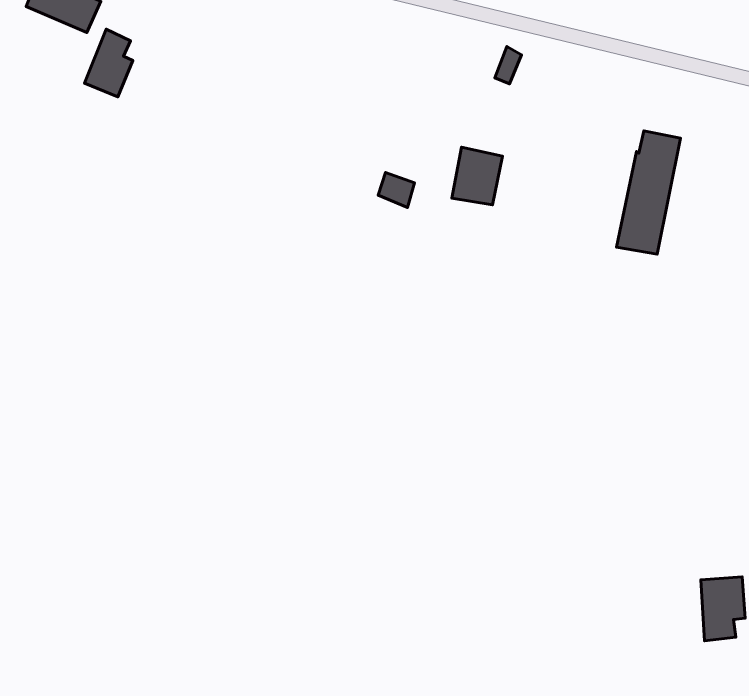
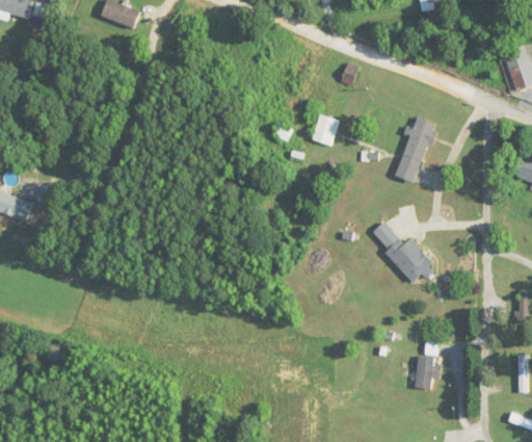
building: [85,29,133,97] -> none
building: none -> [371,220,432,283]

